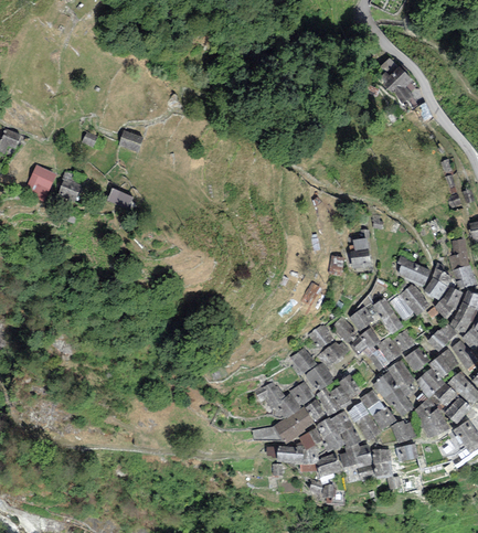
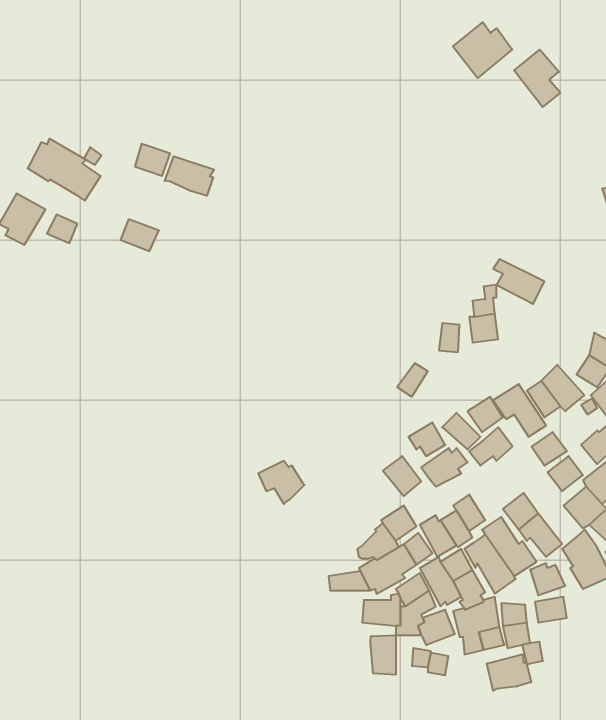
building: none -> [453,22,512,78]
building: none -> [28,139,101,201]
building: none -> [165,156,214,196]
building: [395,255,431,286] -> [493,259,544,304]
building: [369,335,402,371] -> none
building: [387,360,418,396] -> none
building: [305,362,334,390] -> none
building: [254,382,286,412] -> [258,461,305,504]
building: none -> [370,635,396,675]
building: none -> [487,654,531,691]

